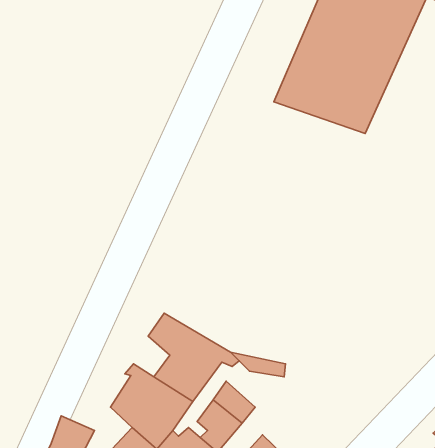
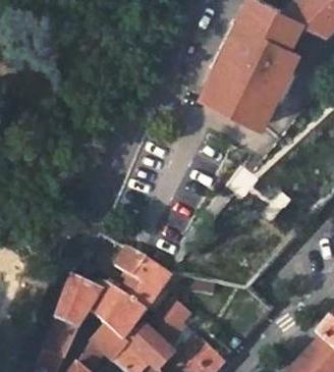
building: none -> [53,273,102,328]

